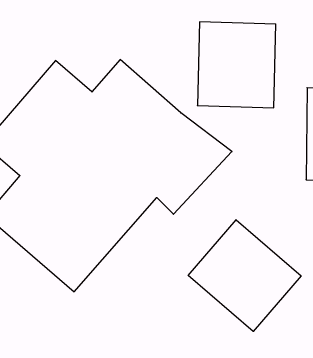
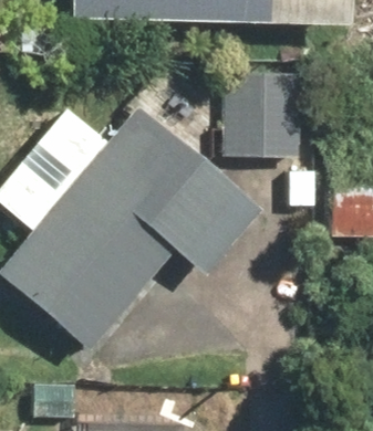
building: [188,220,301,331] -> none

